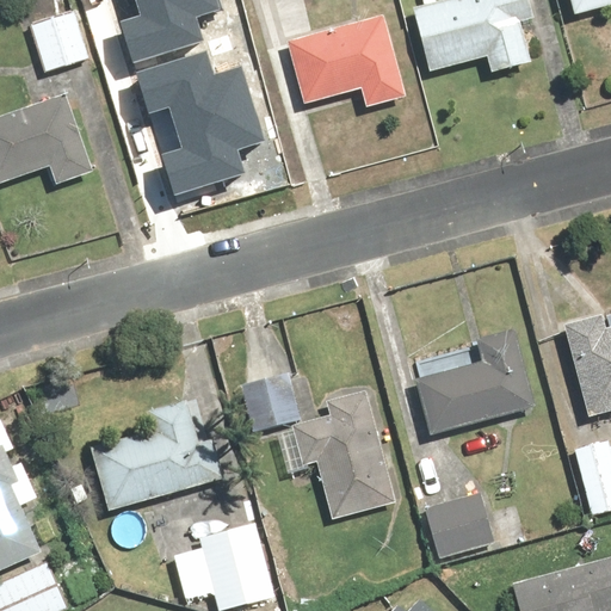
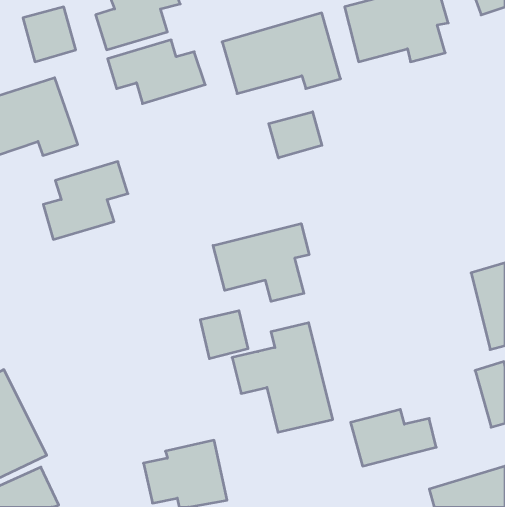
building: [156,101,258,195] -> [43,162,128,239]
building: none -> [269,112,322,158]
building: none -> [213,224,309,301]
building: [413,332,535,432] -> none
building: [92,395,224,513] -> none

